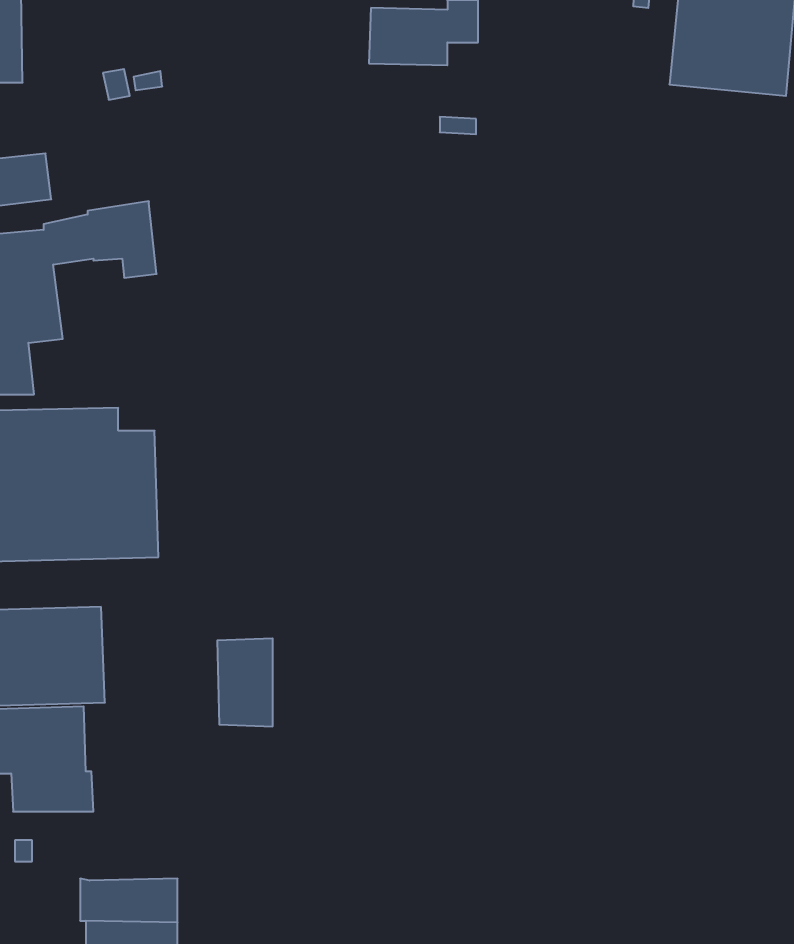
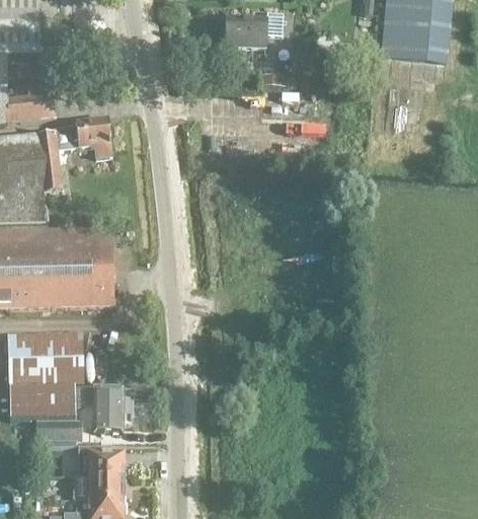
building: [217,638,273,726] -> [93,385,123,432]
building: none -> [76,448,123,477]

